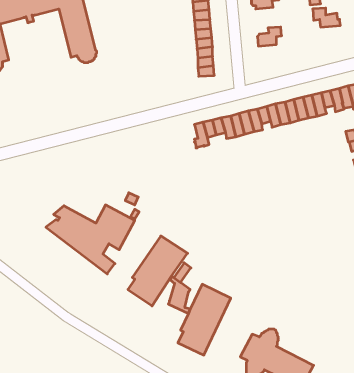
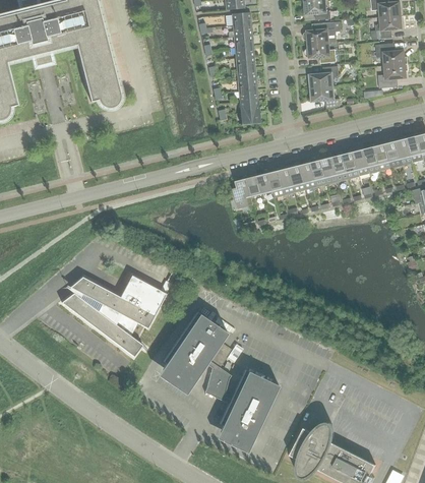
building: none -> [304,43,336,63]
building: none -> [378,64,409,88]
building: none -> [311,86,340,109]

